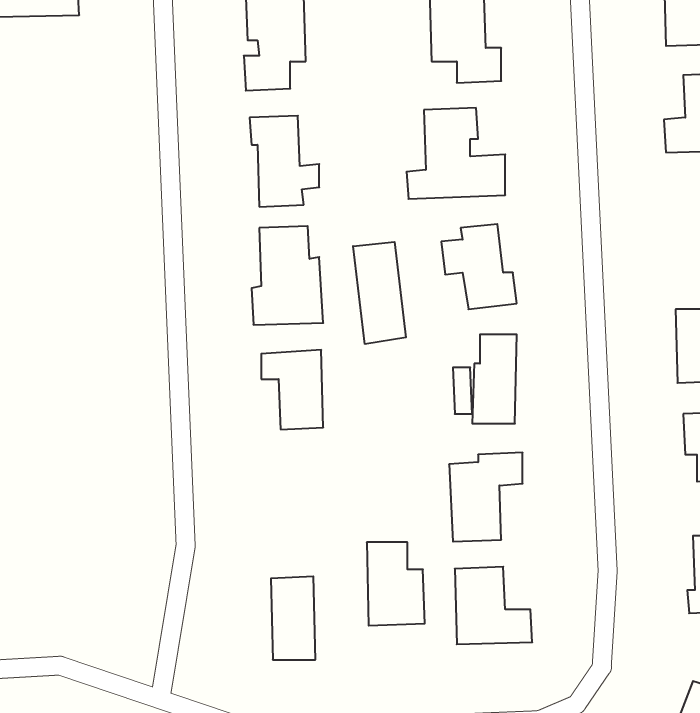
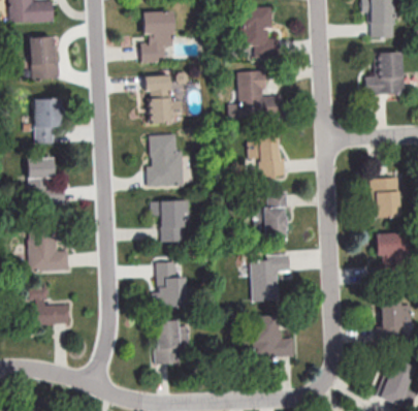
building: none -> [30,36,58,78]
building: none -> [34,97,60,143]
building: [353,242,406,344] -> none
building: none -> [27,157,66,207]
building: none -> [30,220,68,271]
building: none -> [29,287,69,324]
building: [367,542,425,626] -> [155,261,186,306]

